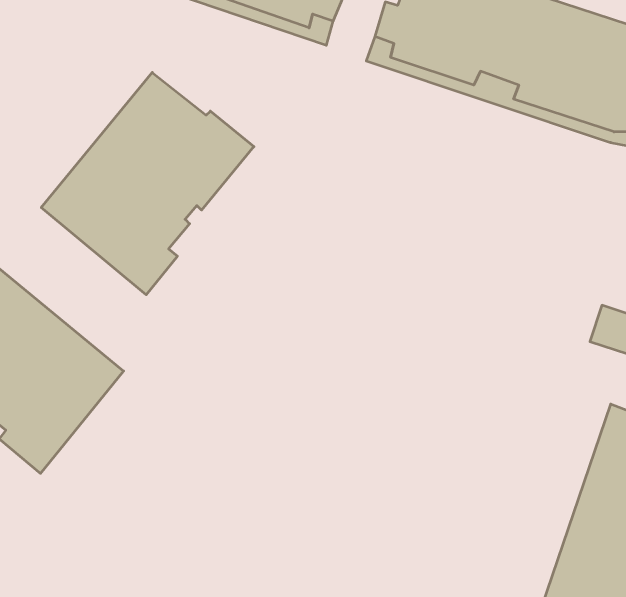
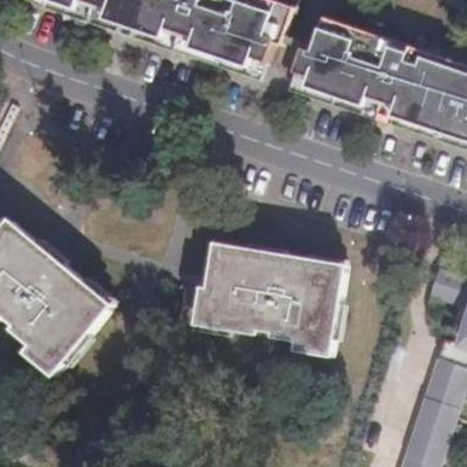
building: [41,72,254,295] -> none
building: none -> [197,240,348,352]

